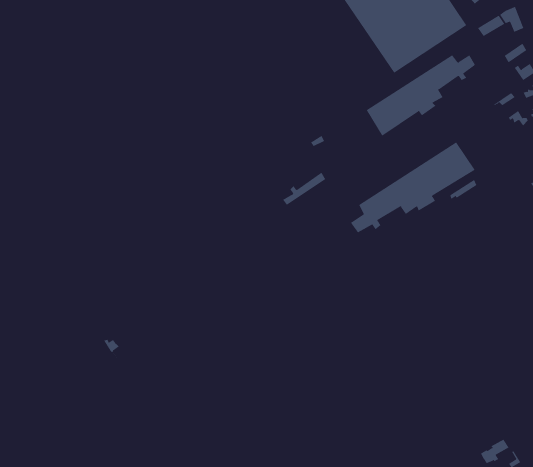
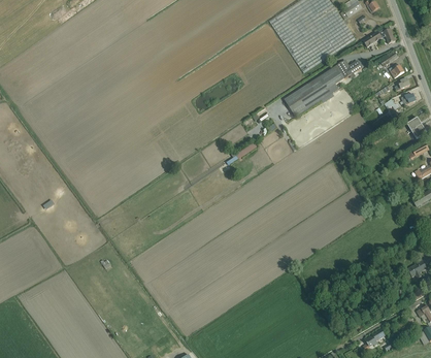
building: [350,142,475,233] -> none

